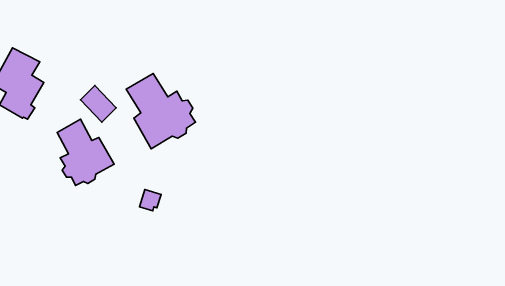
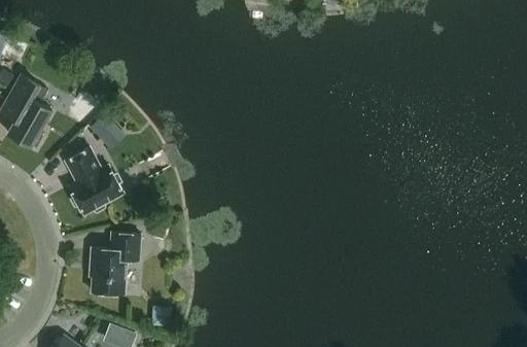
building: [126,73,195,149] -> none
building: none -> [91,233,141,294]

